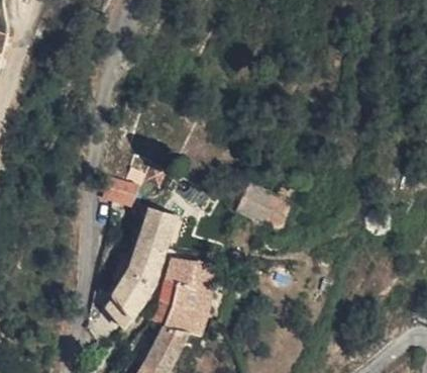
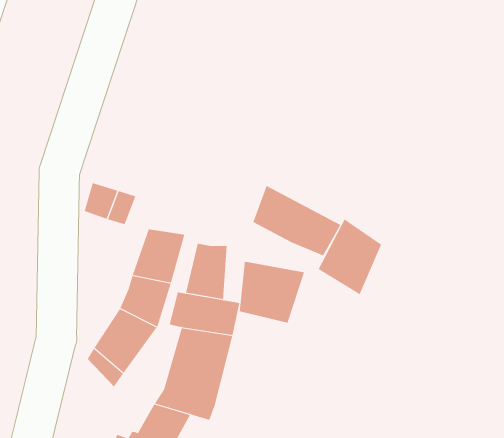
building: none -> [318,219,382,295]
building: none -> [185,243,227,300]
building: none -> [239,261,305,324]

